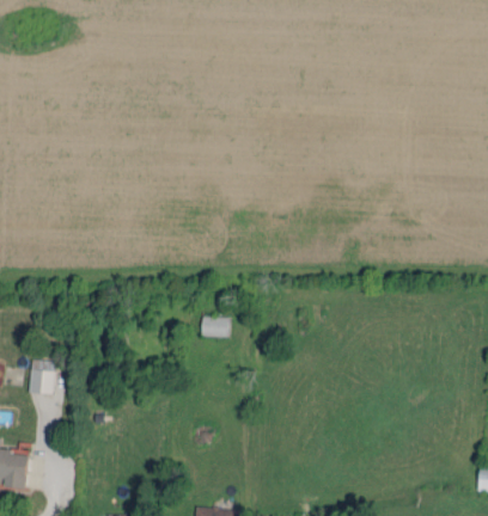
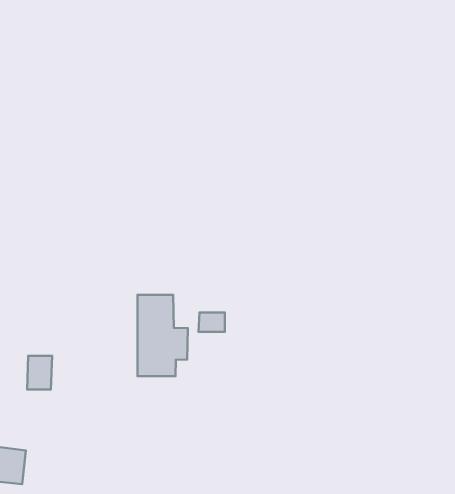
building: none -> [138,295,188,376]

